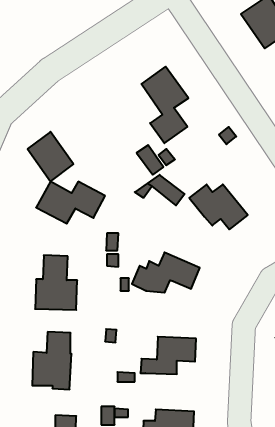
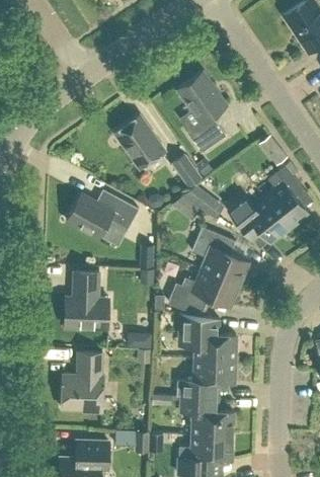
building: [28,132,73,182] -> [115,115,164,168]
building: none -> [263,165,308,229]
building: none -> [191,227,249,285]
building: none -> [179,313,236,360]
building: none -> [180,396,233,436]

